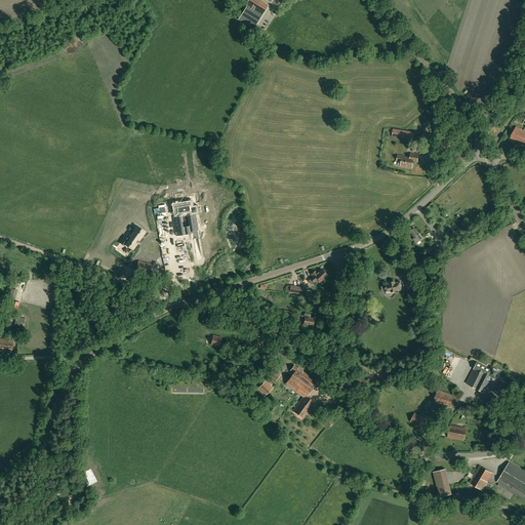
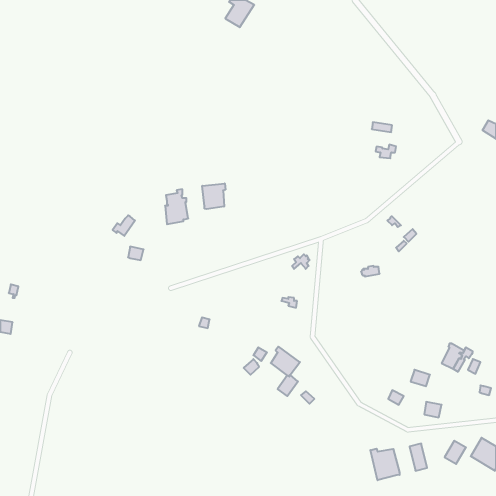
building: none -> [202,183,225,209]
building: none -> [370,449,400,480]

